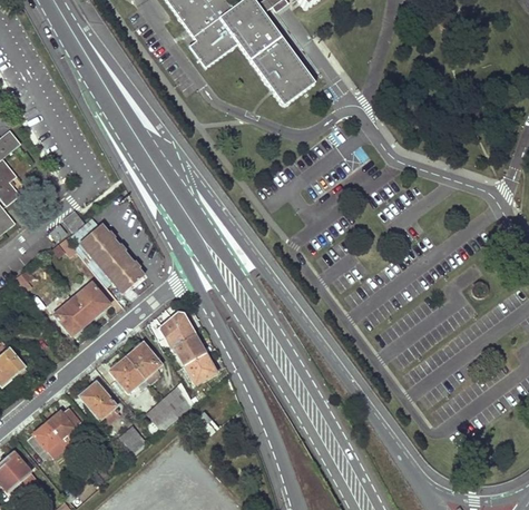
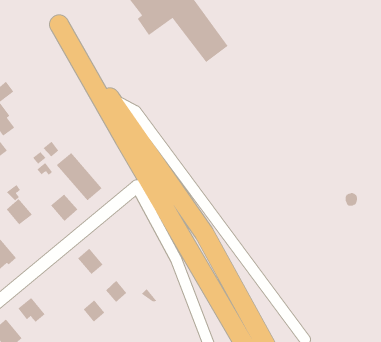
building: [55,297,91,334] -> [6,198,33,225]
building: [157,311,216,384] -> none
building: [126,342,160,377] -> none
building: [79,381,115,419] -> none
building: [163,383,193,416] -> none
building: [47,408,88,448] -> none

